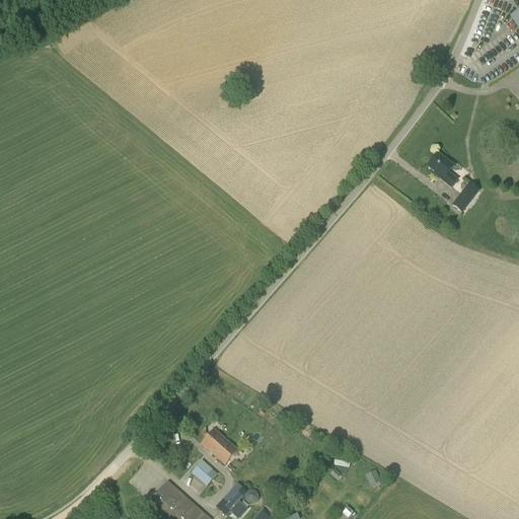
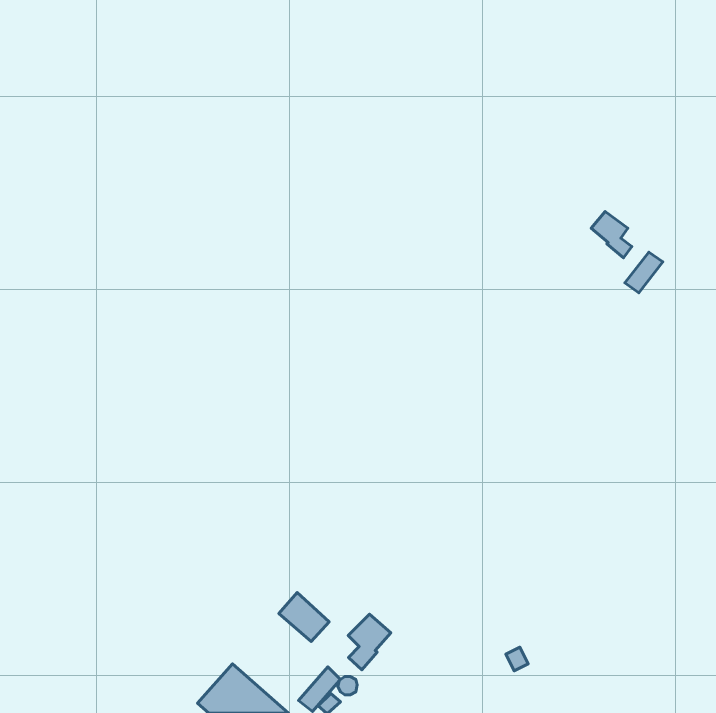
building: none -> [348,614,391,670]
building: [191,459,220,486] -> none

